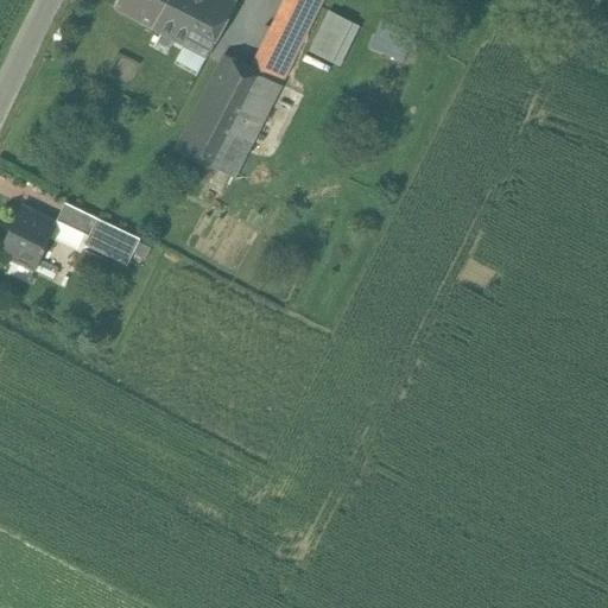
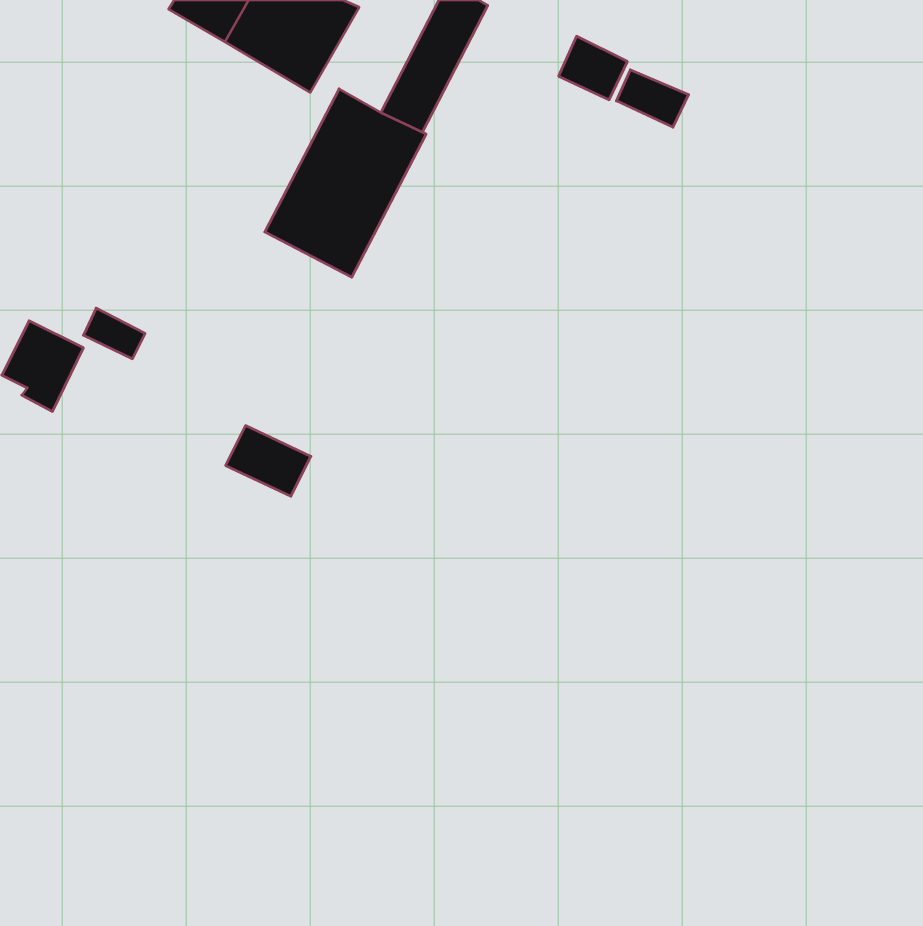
building: [305,8,359,65] -> none
building: none -> [616,70,689,127]
building: [82,218,138,265] -> [226,426,311,496]

